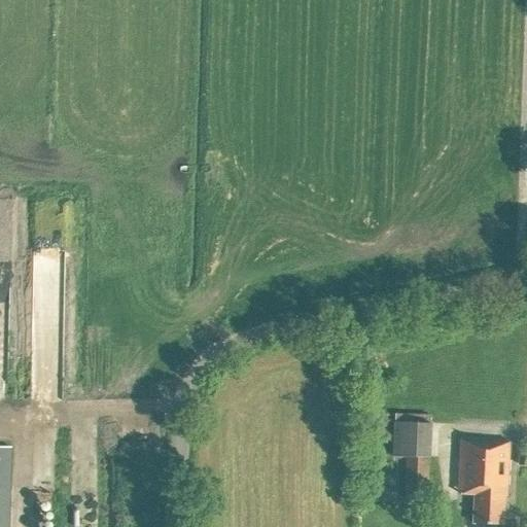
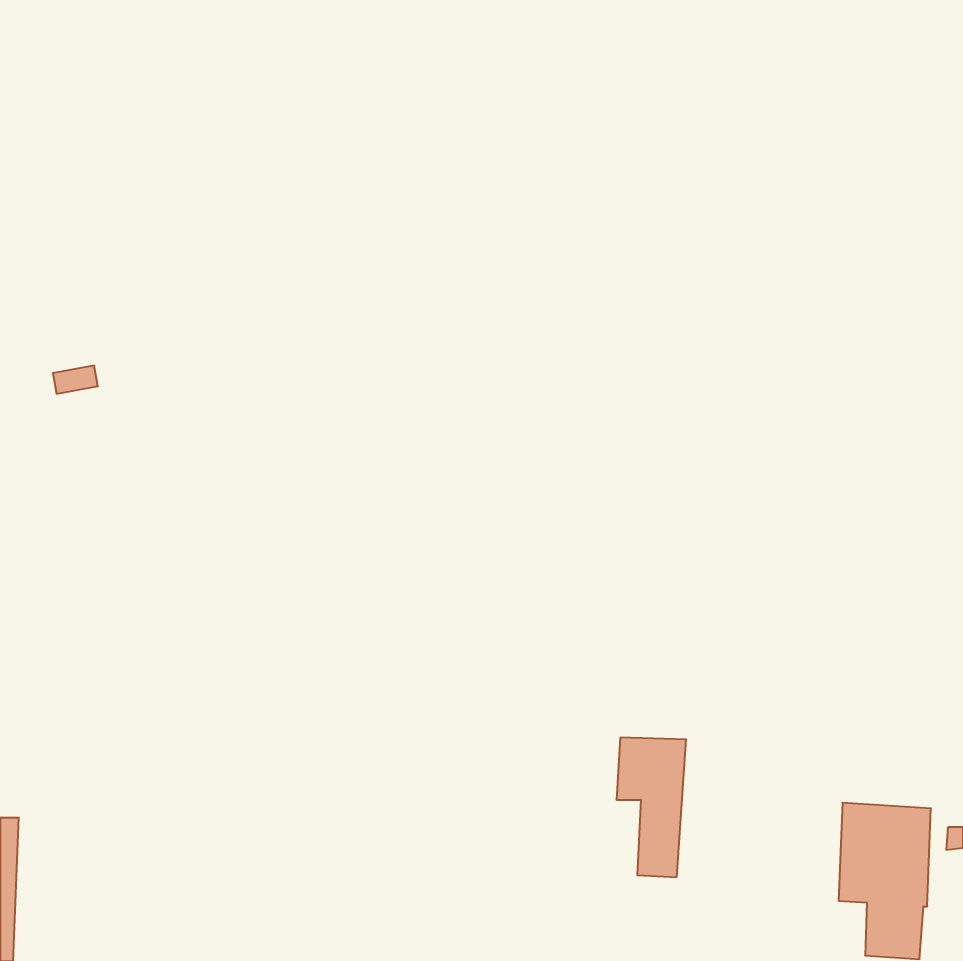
building: [392,421,430,497] -> [616,738,686,877]

